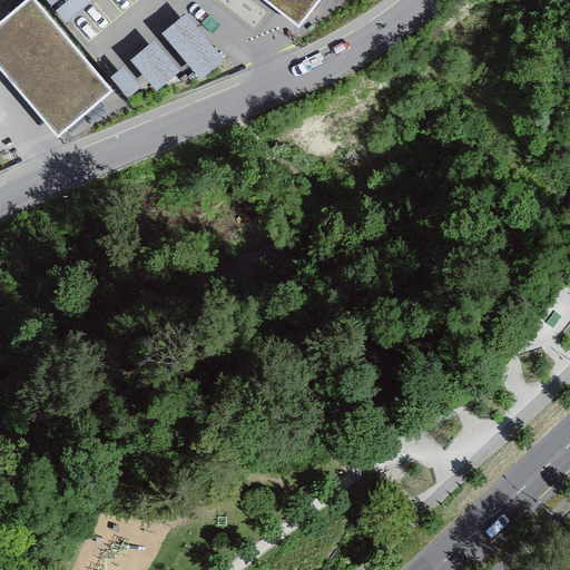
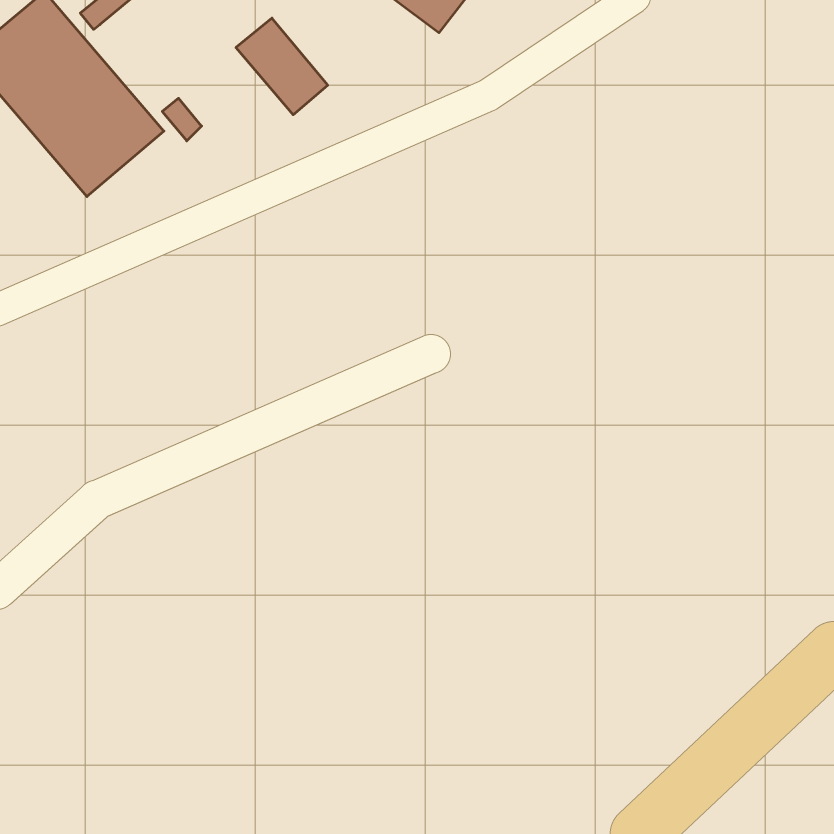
building: [130,39,178,88] -> none

